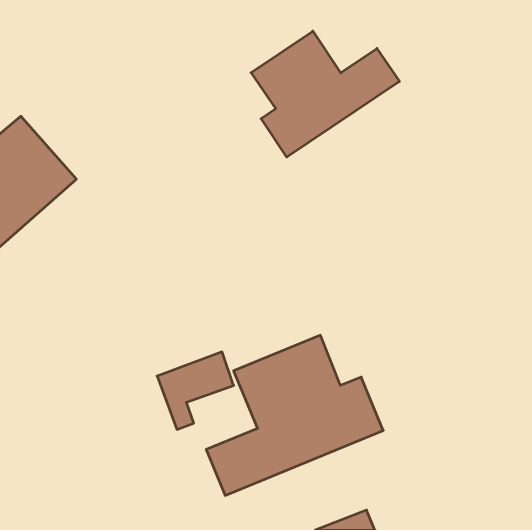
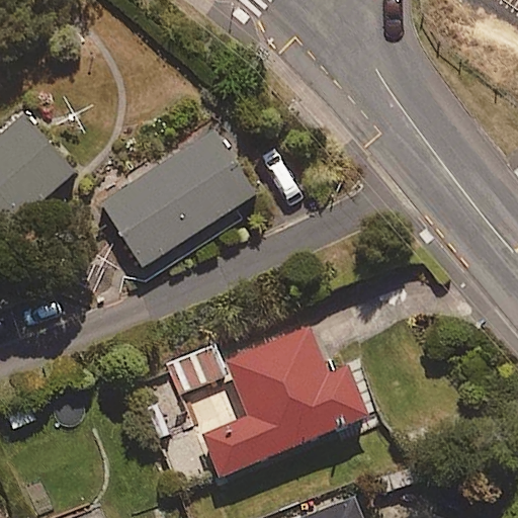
building: [251,31,399,157] -> none
building: none -> [93,127,255,273]

